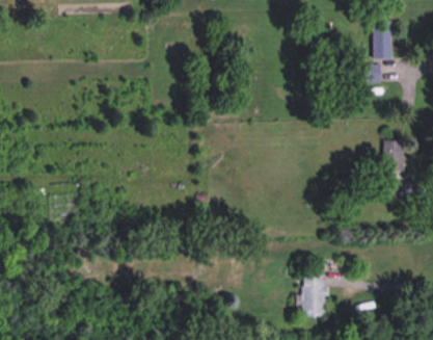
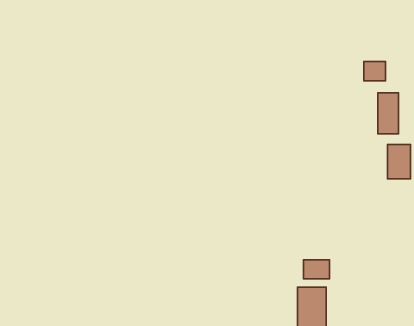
building: [373,21,391,58] -> [378,93,398,134]
building: none -> [304,260,329,279]

